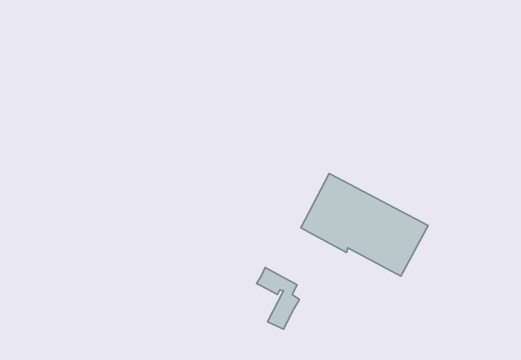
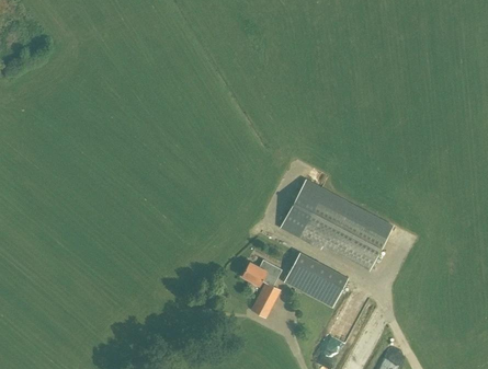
building: none -> [283,251,348,305]

